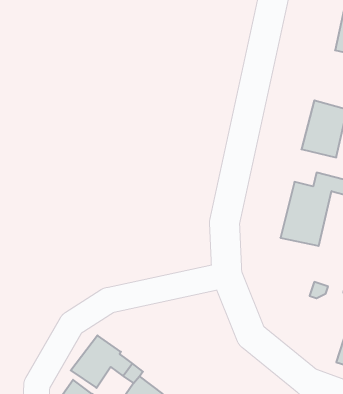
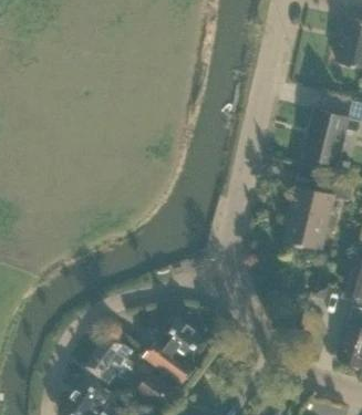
building: none -> [144,315,208,384]

